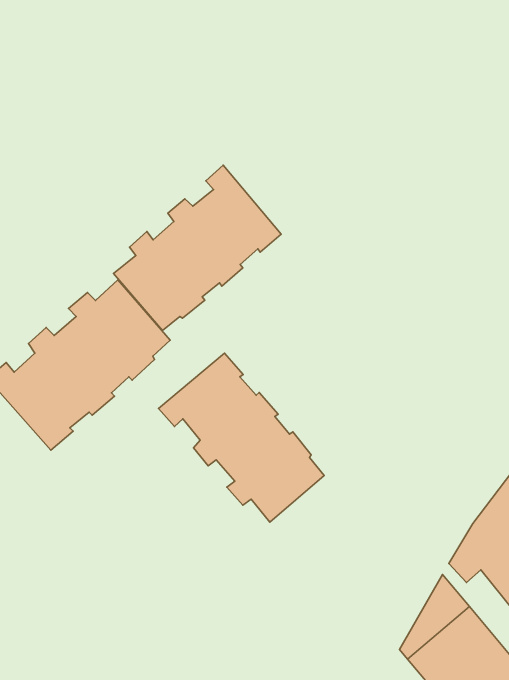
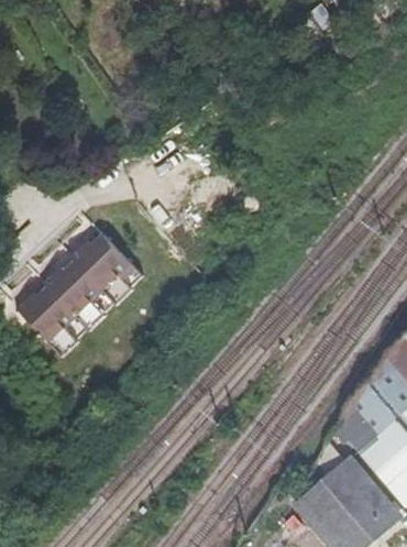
building: [113,165,281,331] -> none
building: [159,353,324,522] -> none

